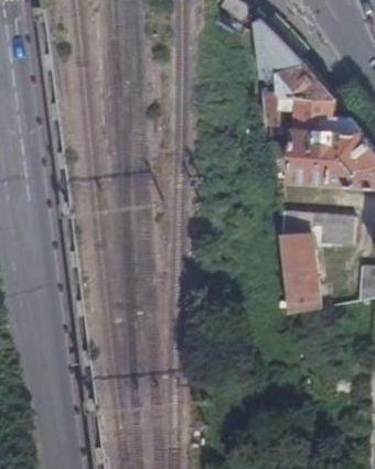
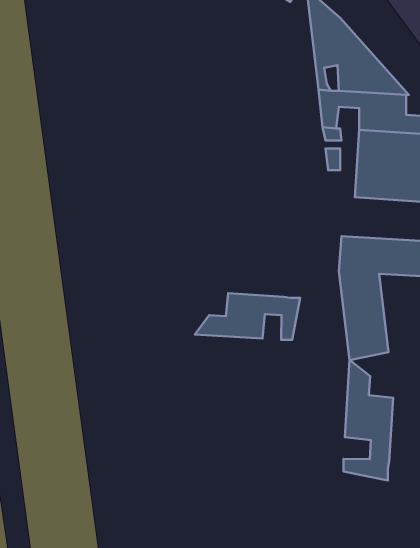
building: none -> [195,293,300,340]
building: none -> [343,360,393,480]

